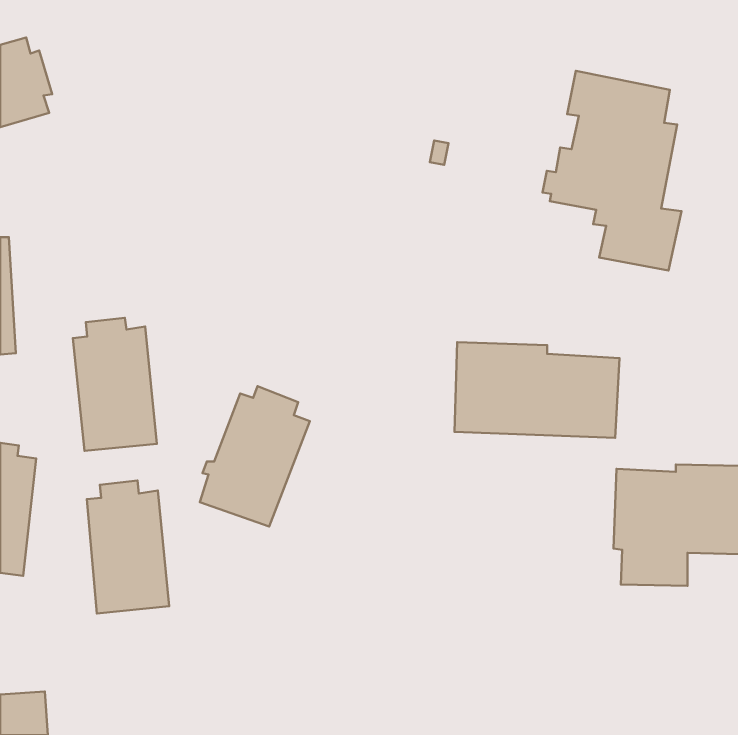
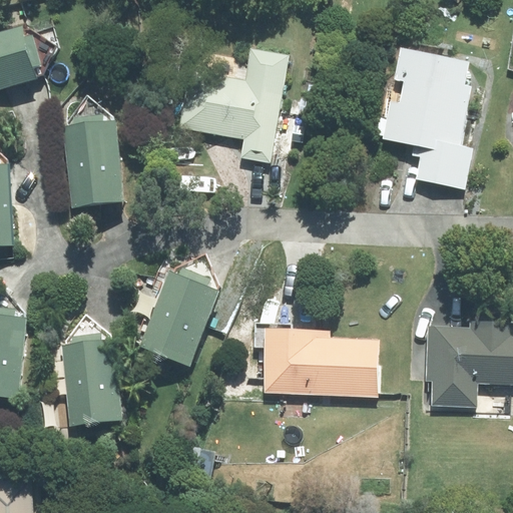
building: none -> [179,50,288,162]
building: [73,318,157,451] -> [63,114,121,206]
building: [454,342,619,438] -> [264,330,378,396]

